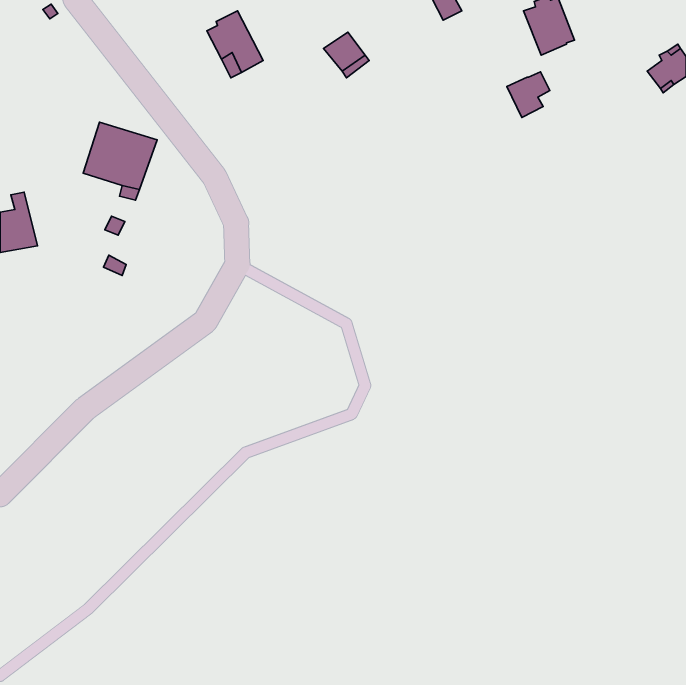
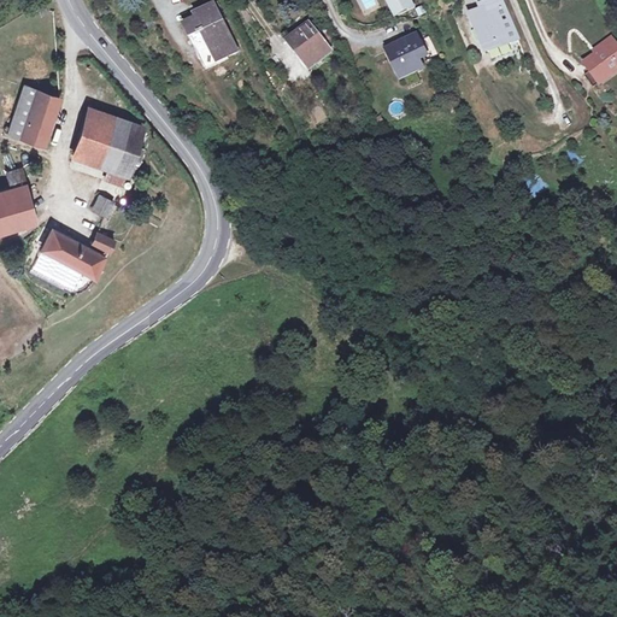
building: [507,72,550,117] -> [390,40,429,81]
building: none -> [6,86,57,143]
building: none -> [43,229,102,270]

